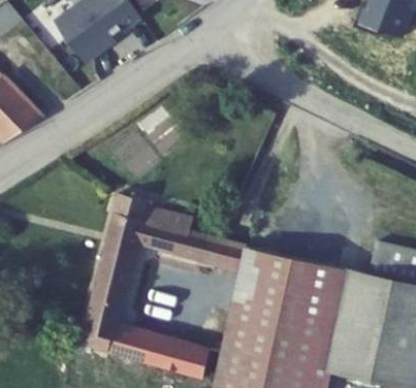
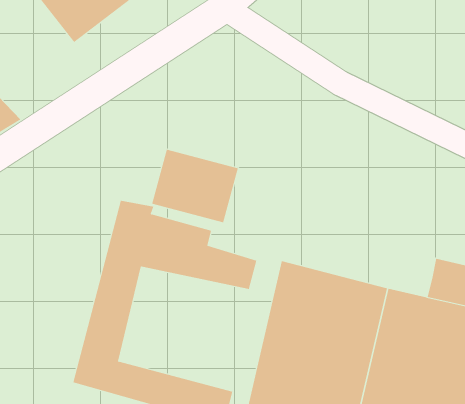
building: none -> [151,149,238,223]

